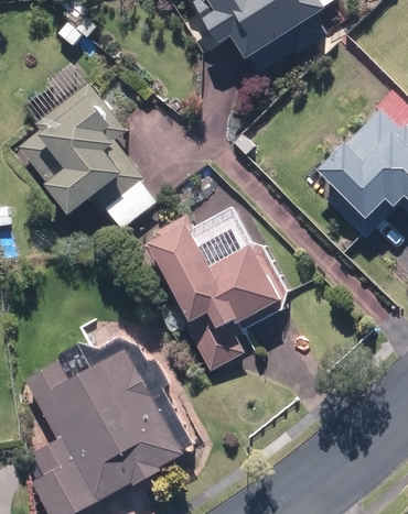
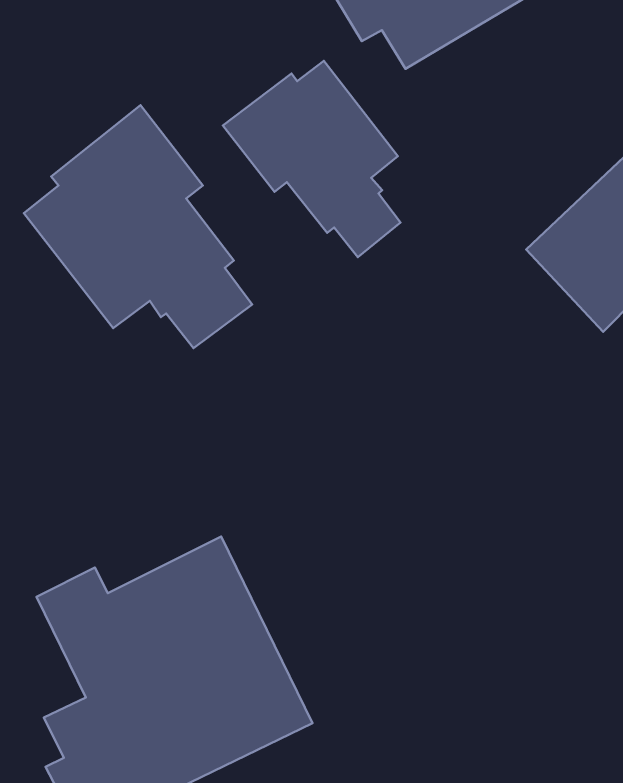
building: none -> [223,61,401,257]
building: [146,205,290,374] -> none

